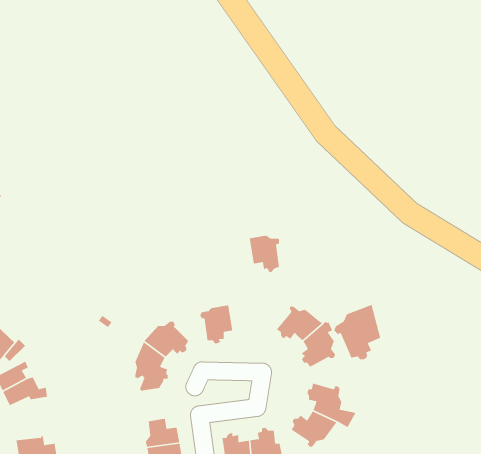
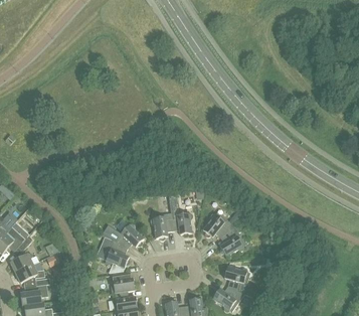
building: [249,235,280,273] -> [170,210,191,236]
building: [333,304,381,360] -> none
building: none -> [111,271,134,293]
building: none -> [20,284,47,306]

